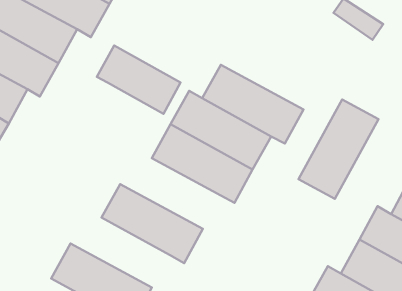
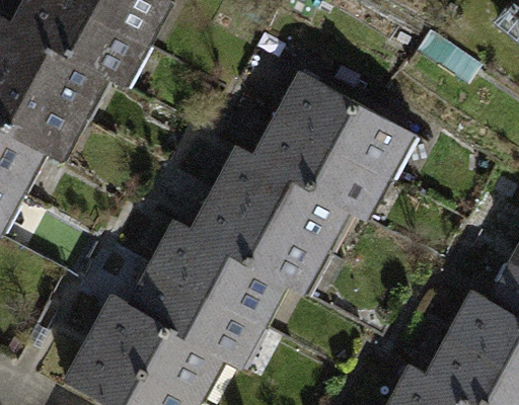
building: none -> [283,76,410,174]
building: [97,45,181,114] -> none
building: [299,100,378,199] -> none
building: none -> [157,226,283,323]
building: none -> [95,300,219,396]

